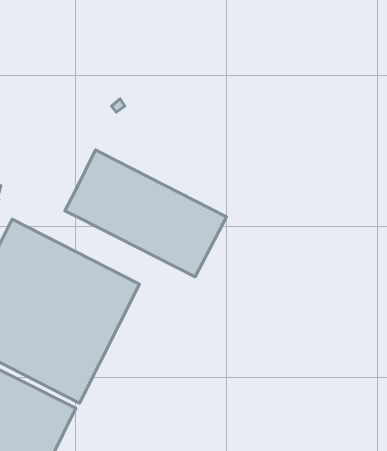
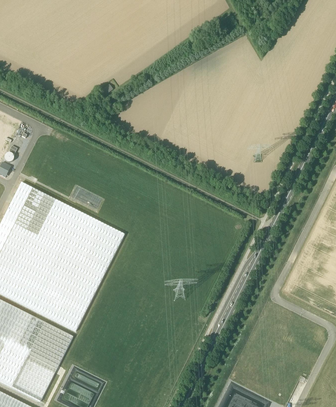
building: [65,150,226,277] -> none

